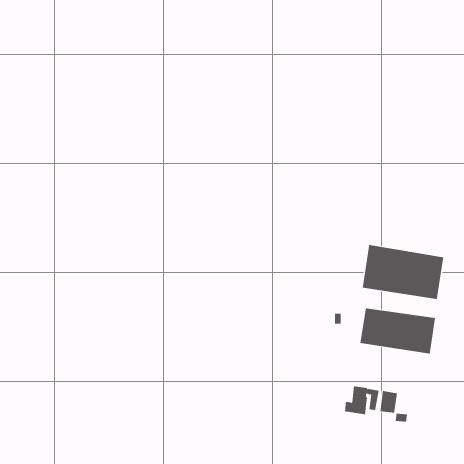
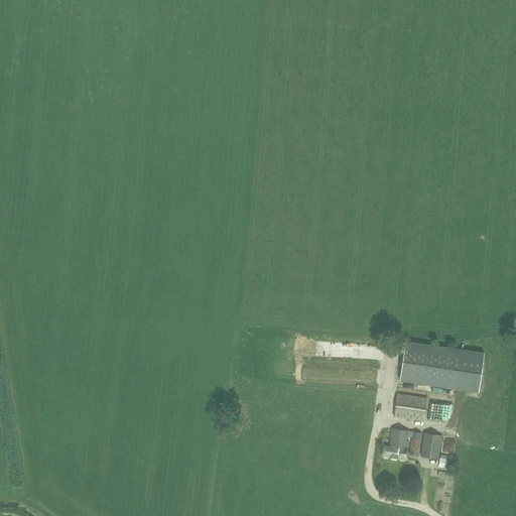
building: [362,244,444,300] -> none
building: none -> [394,394,426,421]

